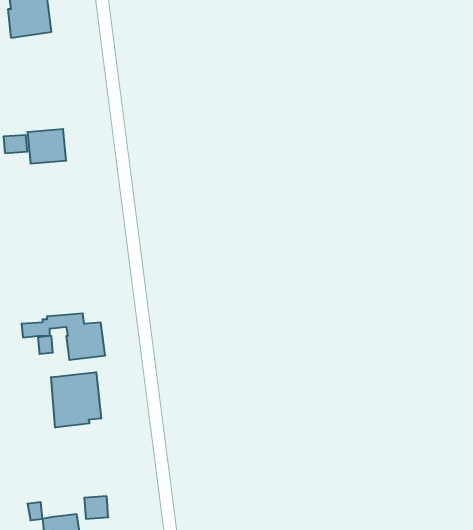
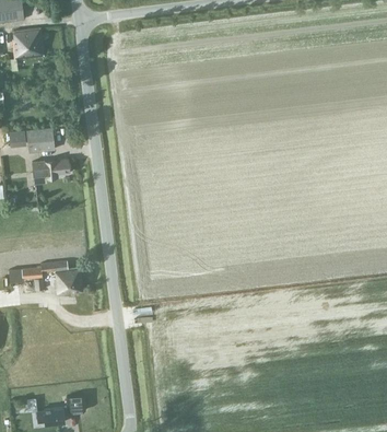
building: none -> [32,157,70,183]
building: [51,372,101,428] -> none

